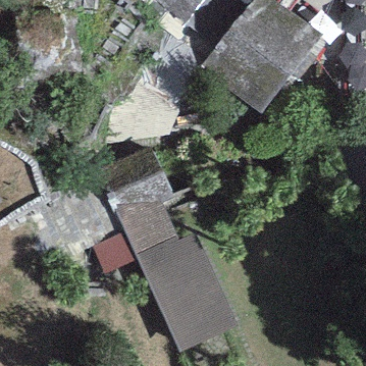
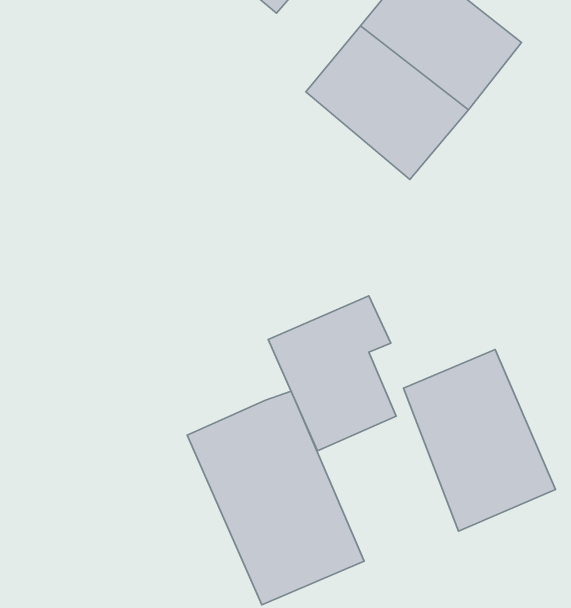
building: [108,169,179,256] -> [268,296,396,451]
building: none -> [404,349,555,531]

